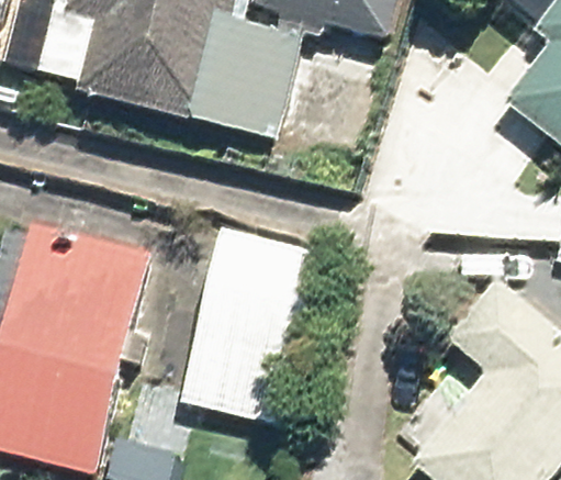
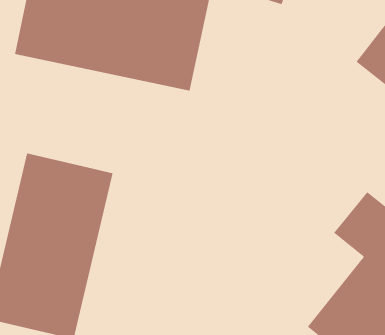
building: [187,234,318,416] -> none

